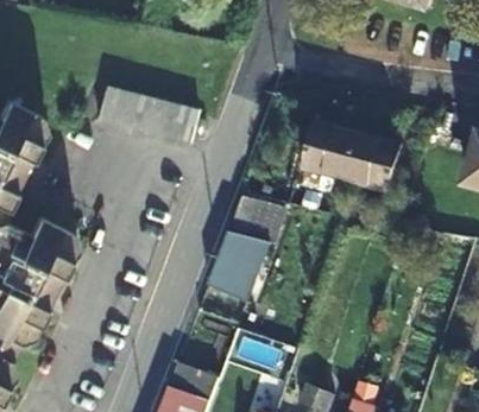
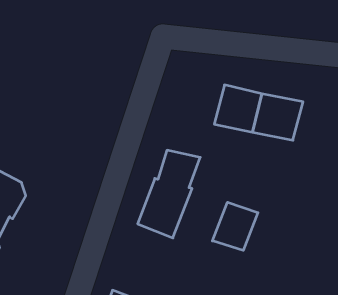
building: [99,87,200,134] -> none
building: none -> [212,202,258,250]

